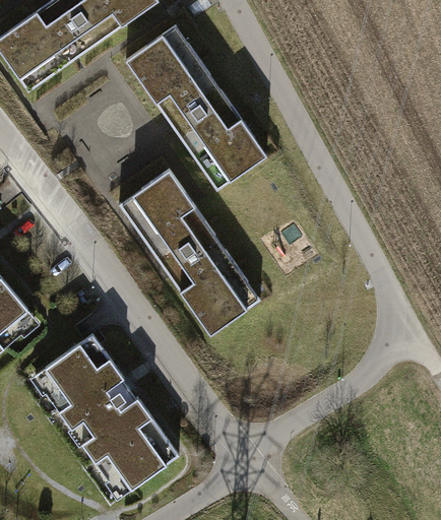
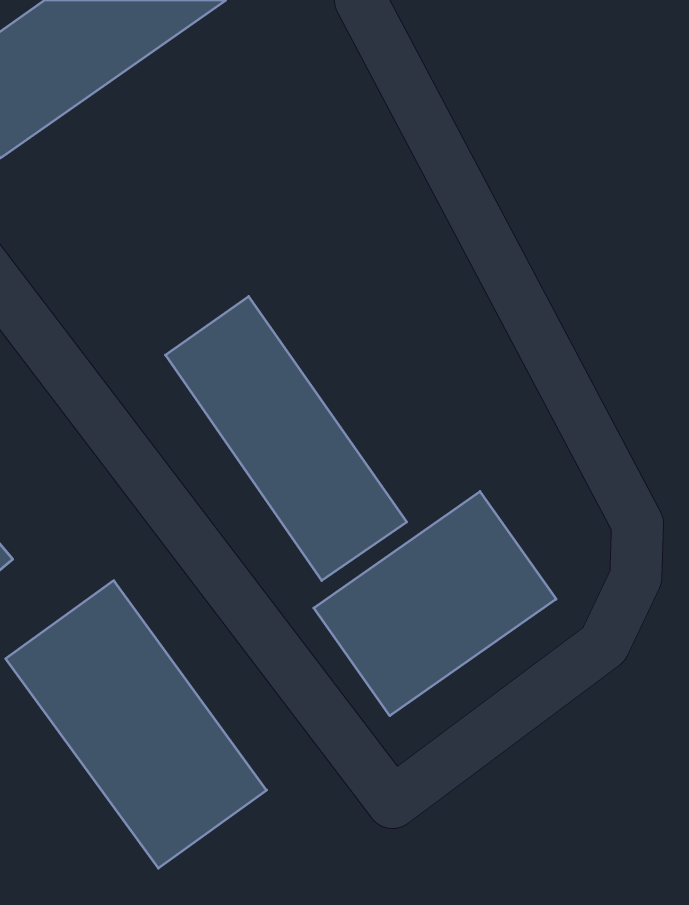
building: [126,26,266,189] -> none
building: none -> [314,491,556,716]

